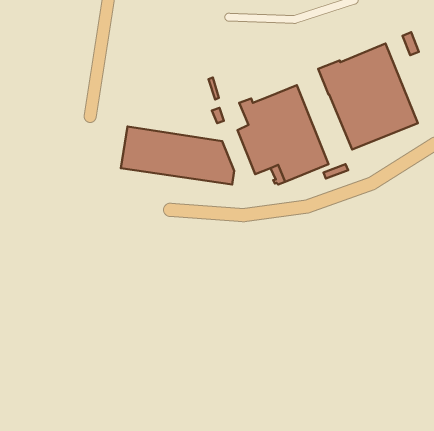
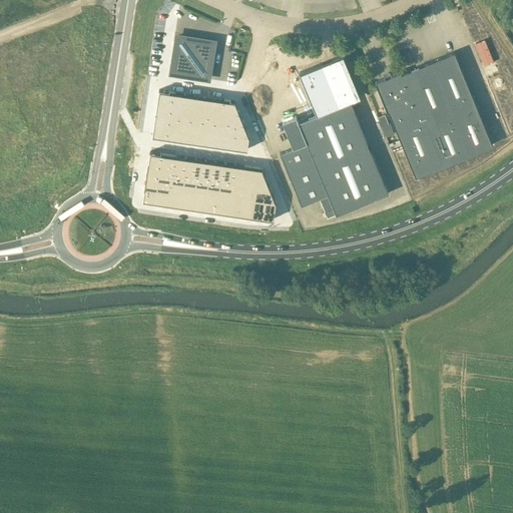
building: none -> [172,40,214,79]
building: none -> [300,58,362,118]
building: none -> [153,92,250,151]

